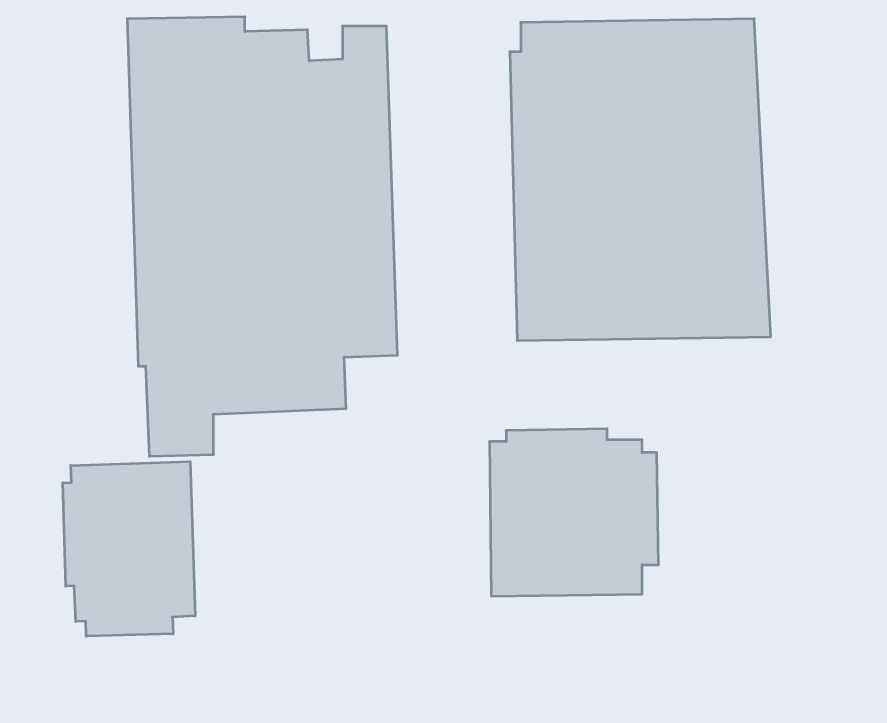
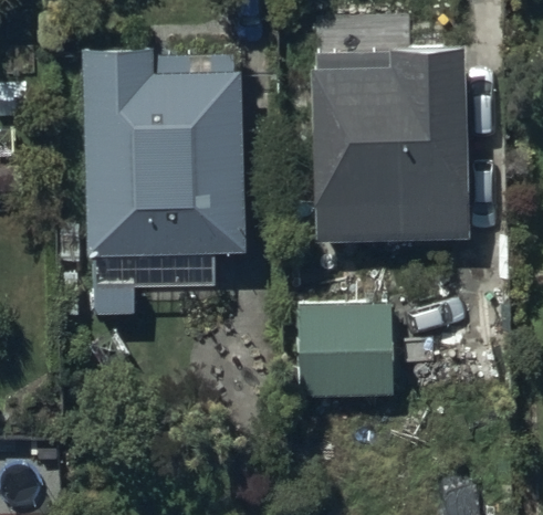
building: [63,462,195,636] -> none

